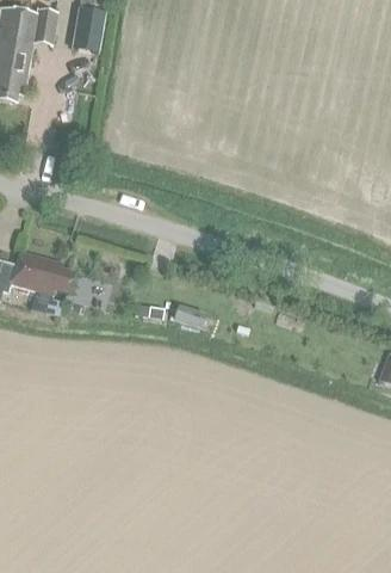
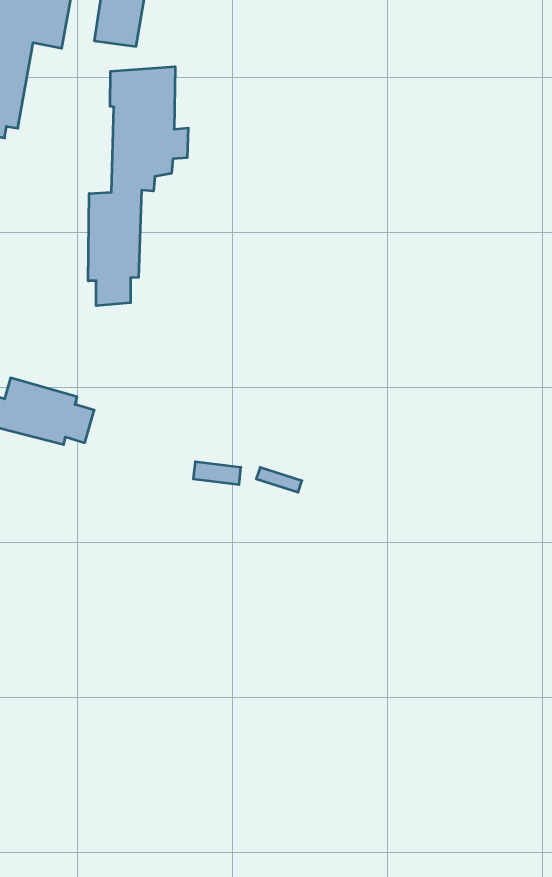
building: none -> [88,67,188,306]

